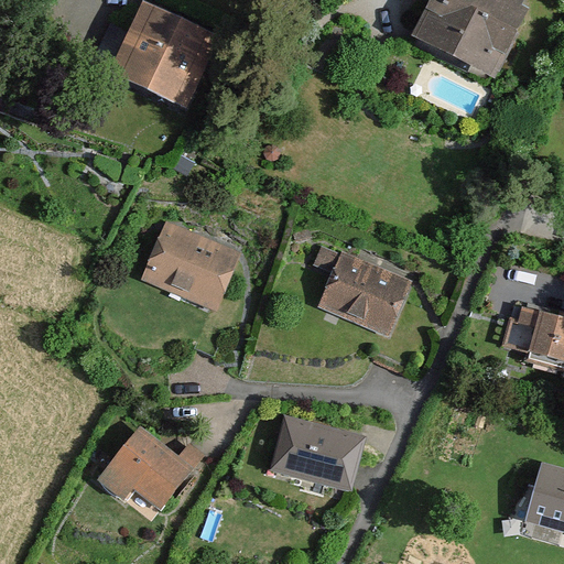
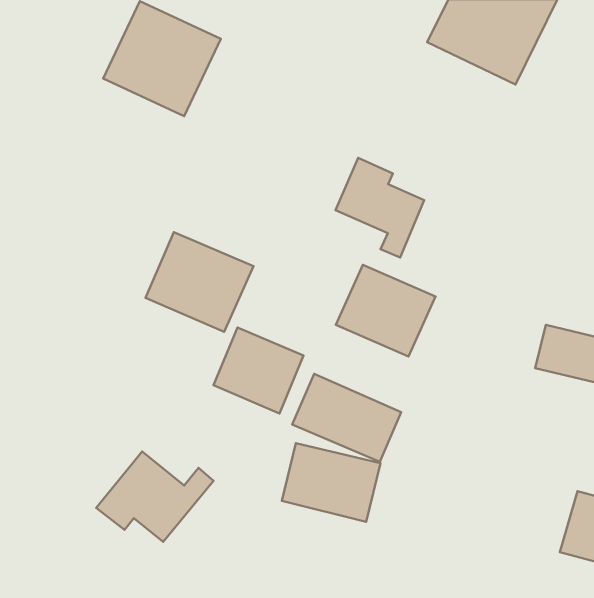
building: none -> [336,158,424,257]
building: none -> [214,327,303,413]
building: none -> [292,374,401,462]

